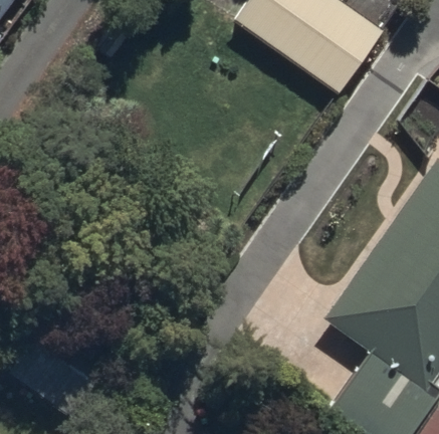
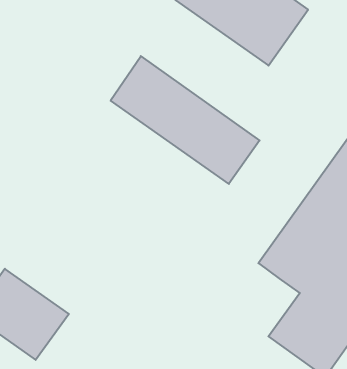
building: none -> [111,56,260,184]

